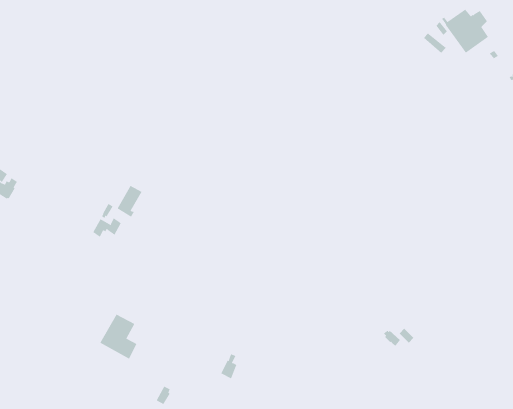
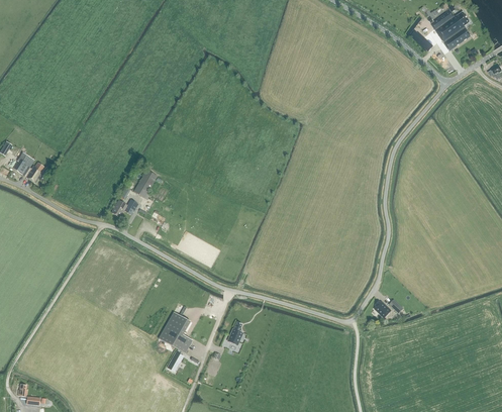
building: [99,314,137,360] -> [158,312,192,353]

